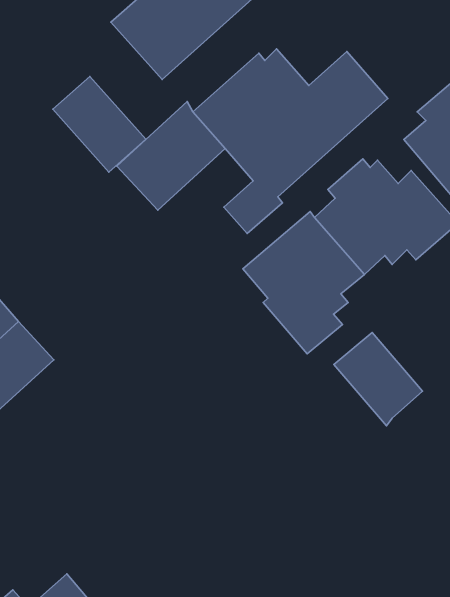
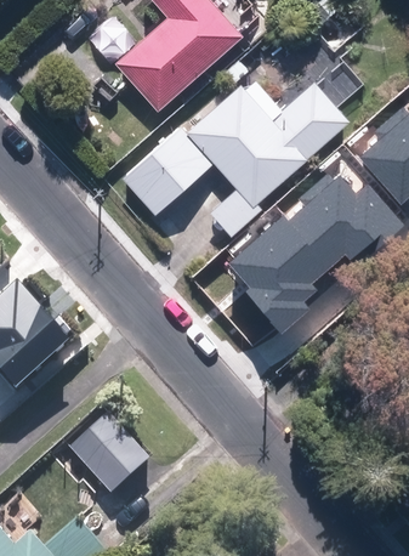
building: [53,77,146,172] -> none
building: [334,332,422,426] -> none
building: none -> [68,410,153,495]

